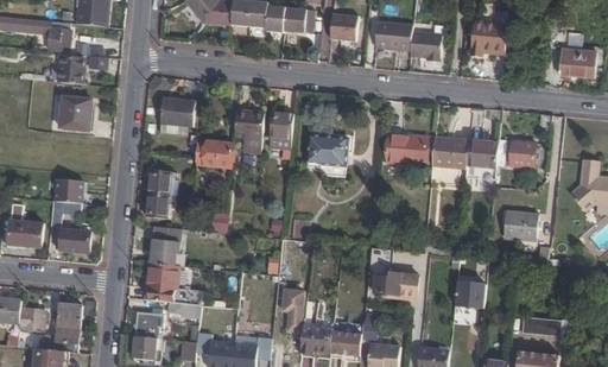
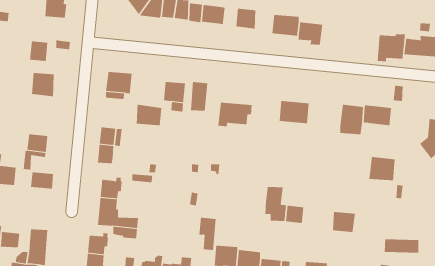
building: [467,19,505,56] -> [377,34,406,62]
building: [45,26,70,51] -> none
building: [431,137,468,167] -> none

